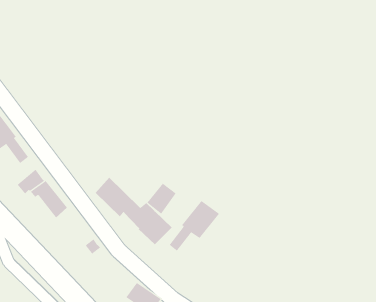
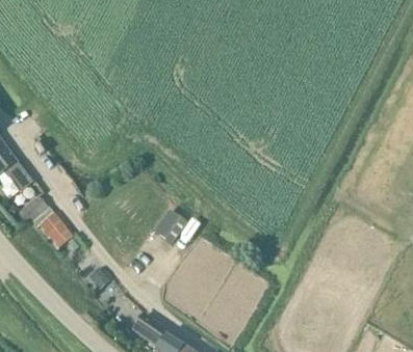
building: [95,177,173,245] -> none
building: [169,200,220,252] -> none

